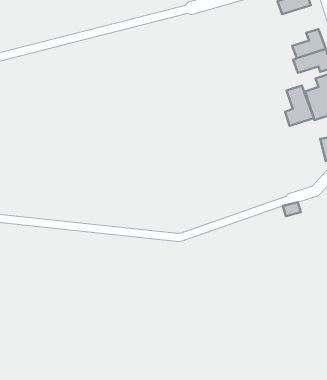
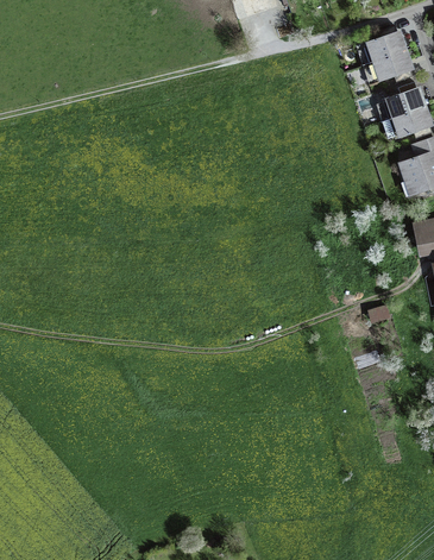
building: none -> [365,50,410,81]
building: [285,85,314,126] -> none

